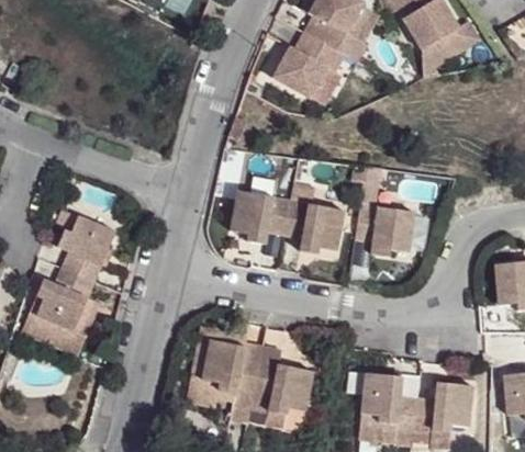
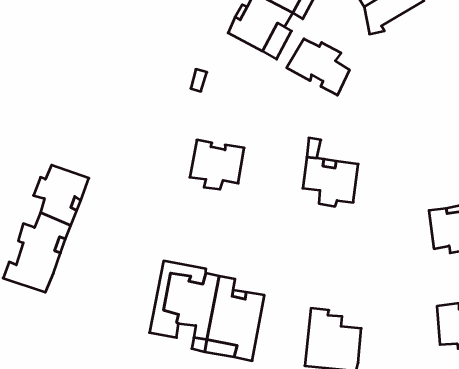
building: none -> [287,39,349,95]
building: [282,199,342,252] -> none
building: [413,380,473,433] -> none

